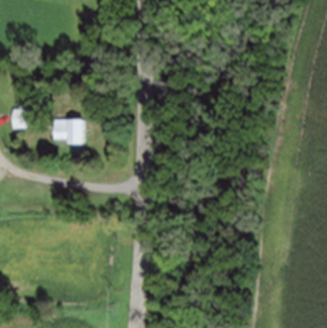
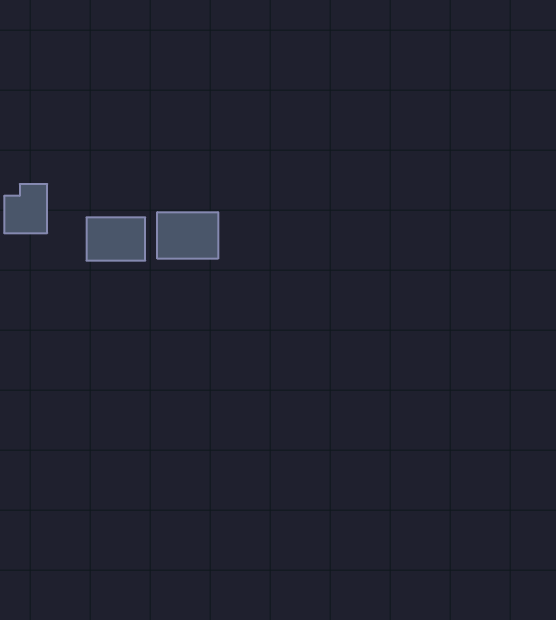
building: none -> [157,212,218,259]

